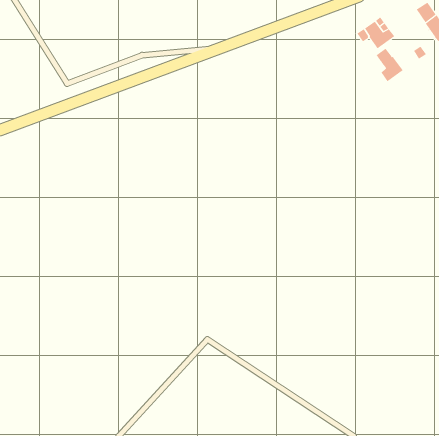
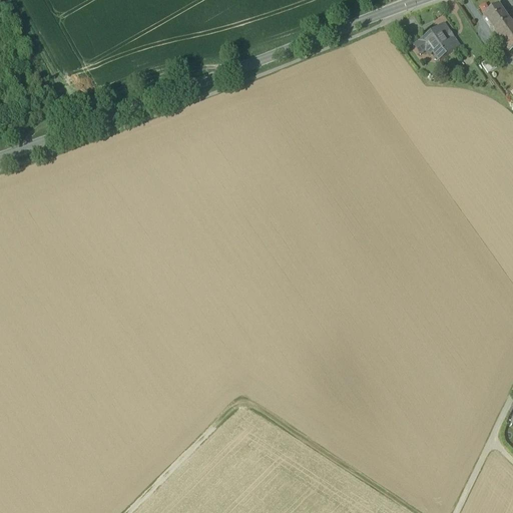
building: [376,48,403,82] -> none

